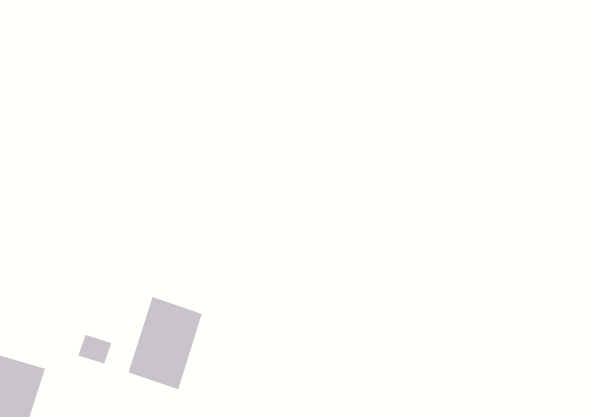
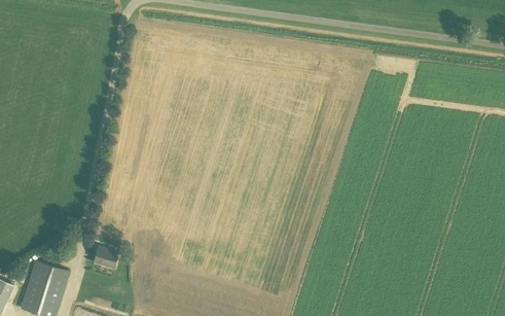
building: [128,296,203,390] -> none

